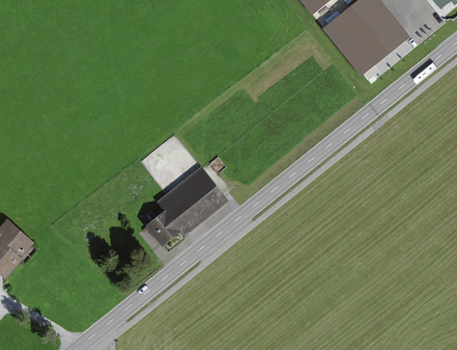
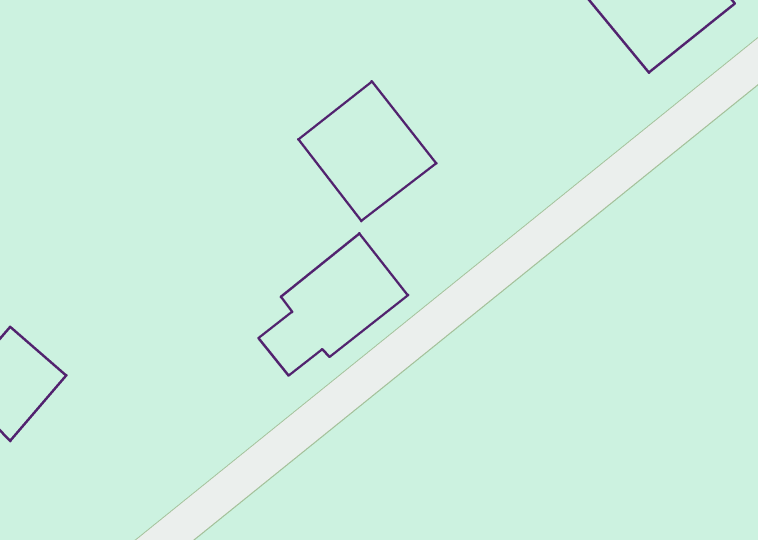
building: none -> [298,81,436,221]

